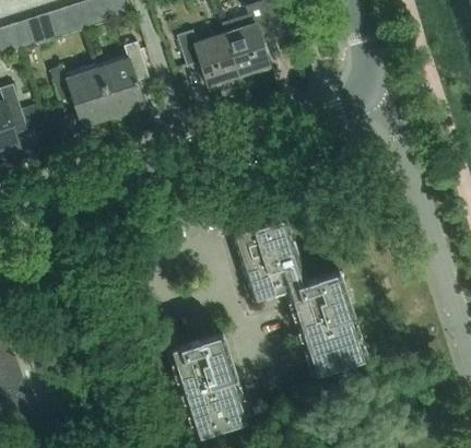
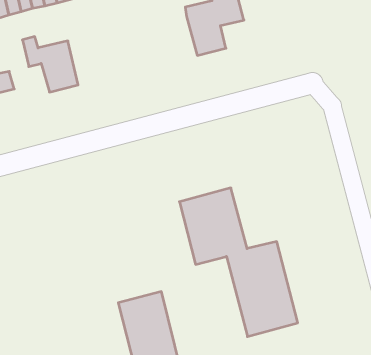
building: [177,31,239,85] -> none
building: [98,42,149,116] -> none

